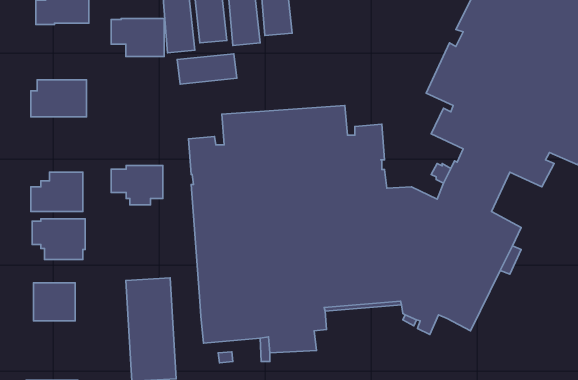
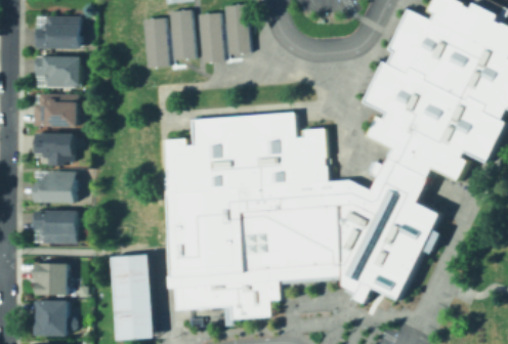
building: [111,18,164,57] -> [36,53,80,85]
building: [177,54,237,84] -> none
building: [111,165,163,205] -> [33,130,76,163]
building: none -> [35,298,76,335]

